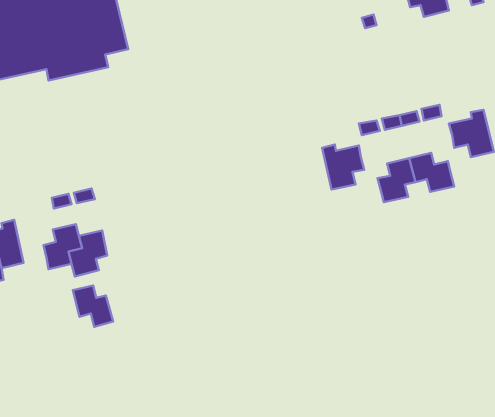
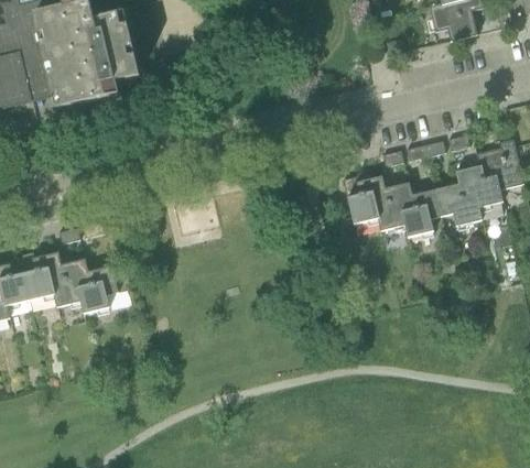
building: none -> [455,165,502,206]
building: none -> [375,183,414,229]
building: none -> [19,252,63,300]
building: [73,285,113,327] -> none

